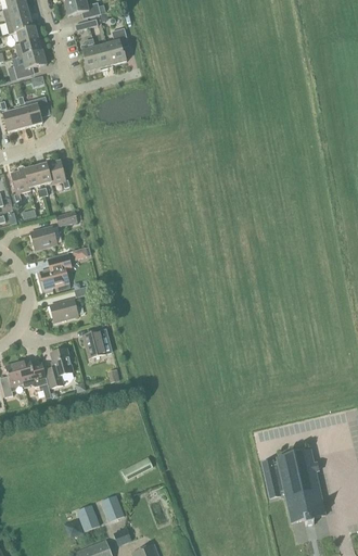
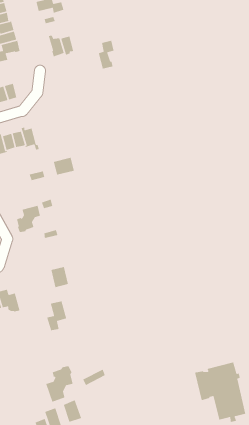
building: [107,27,128,64] -> [98,40,114,70]
building: [30,226,57,249] -> [53,157,75,175]
building: [50,298,78,321] -> none
building: [47,349,73,387] -> [46,301,67,331]
building: none -> [45,366,74,403]

